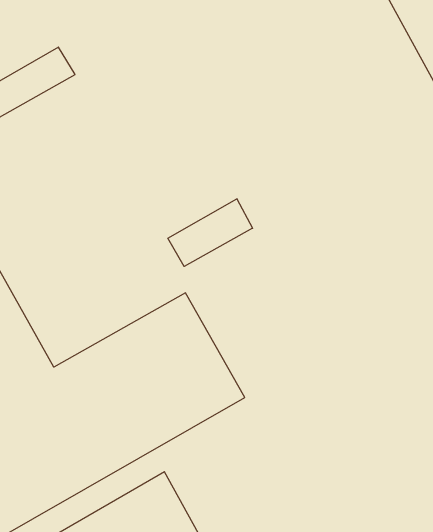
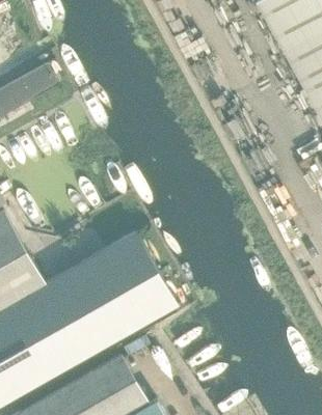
building: [168,199,253,266] -> none

